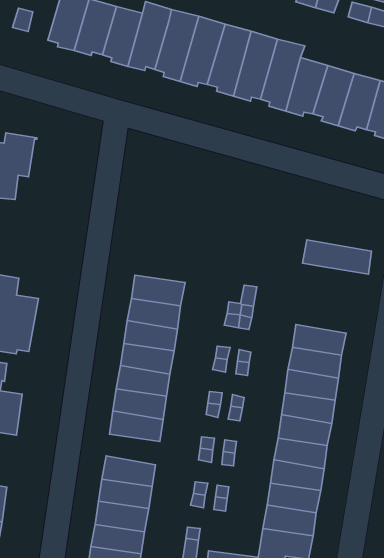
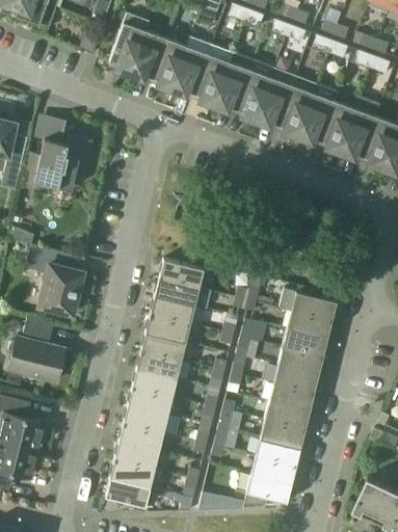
building: [302,240,372,274] -> [278,289,336,321]
building: none -> [128,388,173,416]

